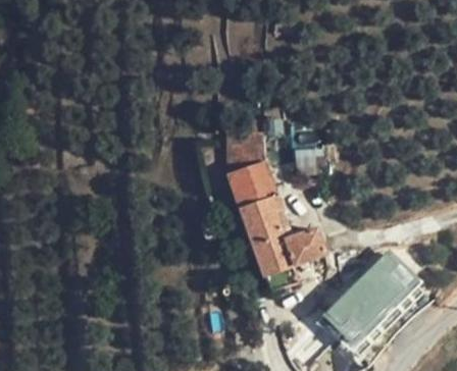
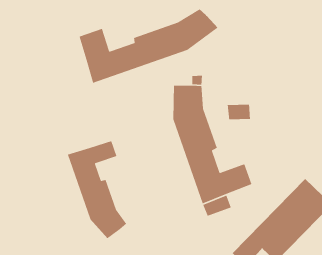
building: none -> [78,8,219,84]
building: none -> [67,140,127,239]

